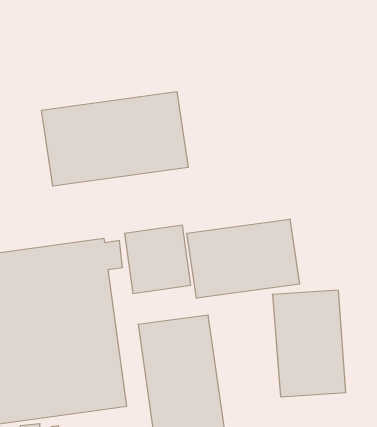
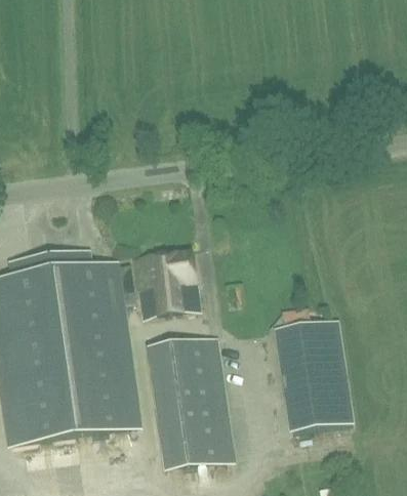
building: [42,92,188,186] -> none
building: [187,219,299,298] -> none

